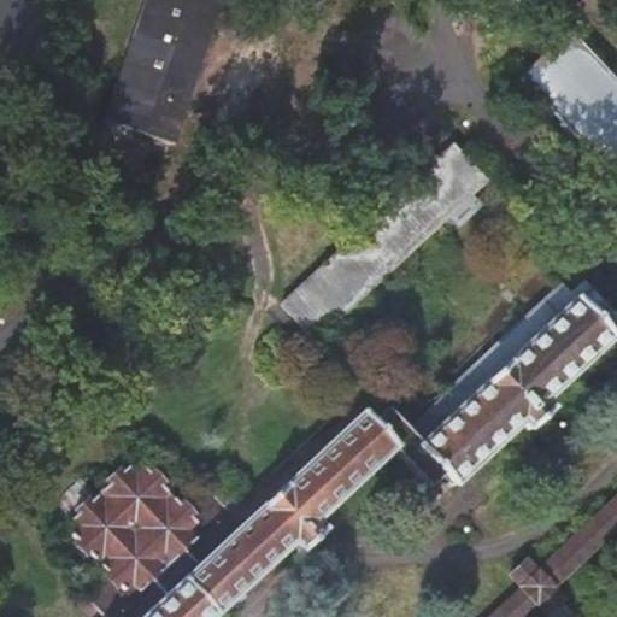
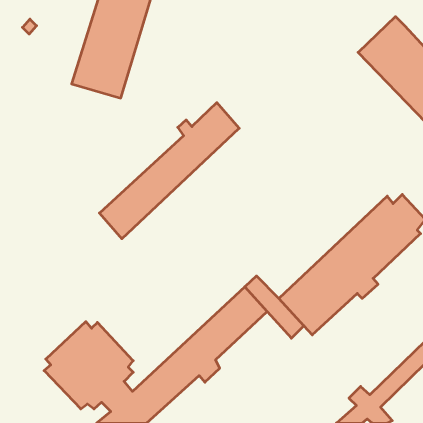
building: [287,143,489,341] -> [99,103,239,239]

